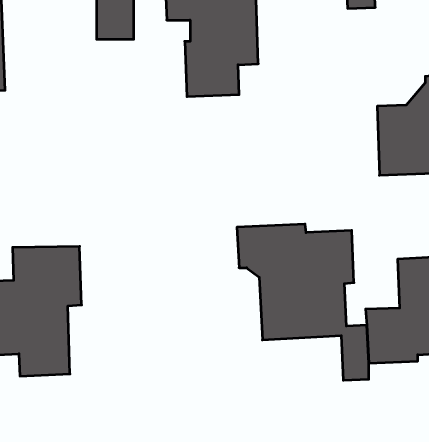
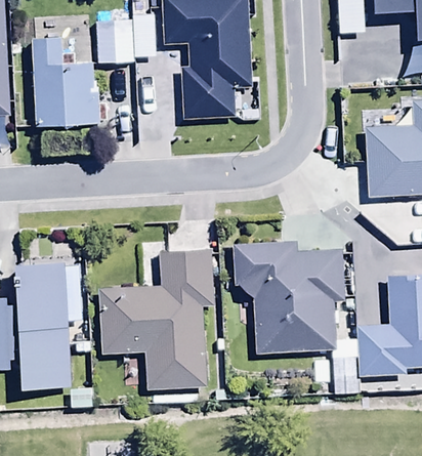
building: none -> [33,37,99,127]
building: none -> [97,248,216,392]

